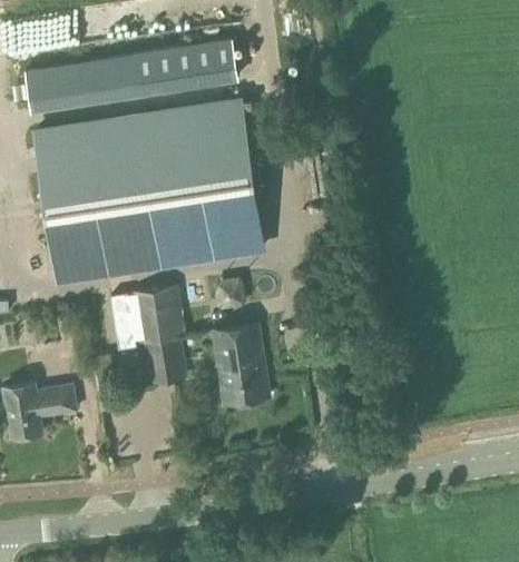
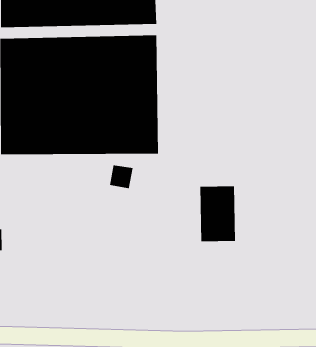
building: [111,288,186,382] -> none
building: [209,323,268,404] -> [199,186,236,242]

